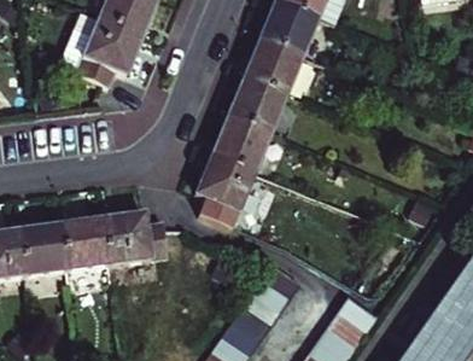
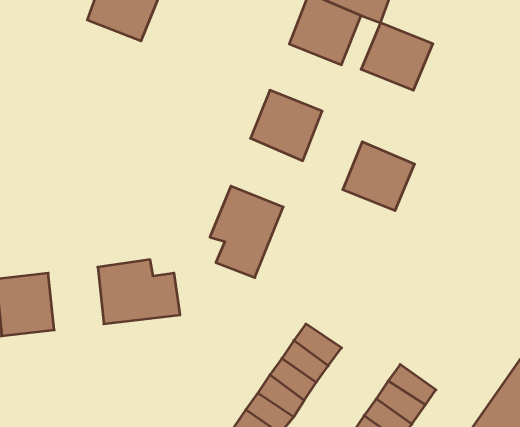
building: [75,19,141,88] -> none
building: [245,39,303,93] -> [361,23,433,90]
building: [214,115,271,170] -> [343,142,415,211]
building: [66,219,111,269] -> none

